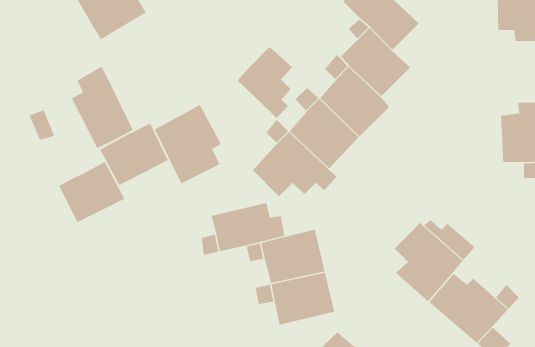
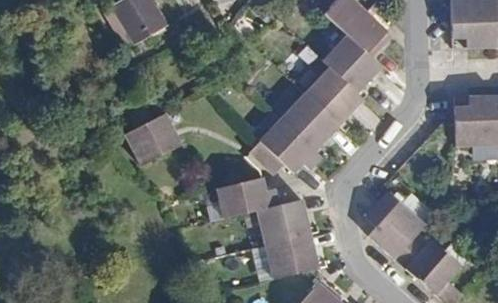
building: [237,46,293,119] -> none
building: [71,66,134,149] -> none
building: [154,104,222,185] -> none
building: [58,161,125,223] -> none

